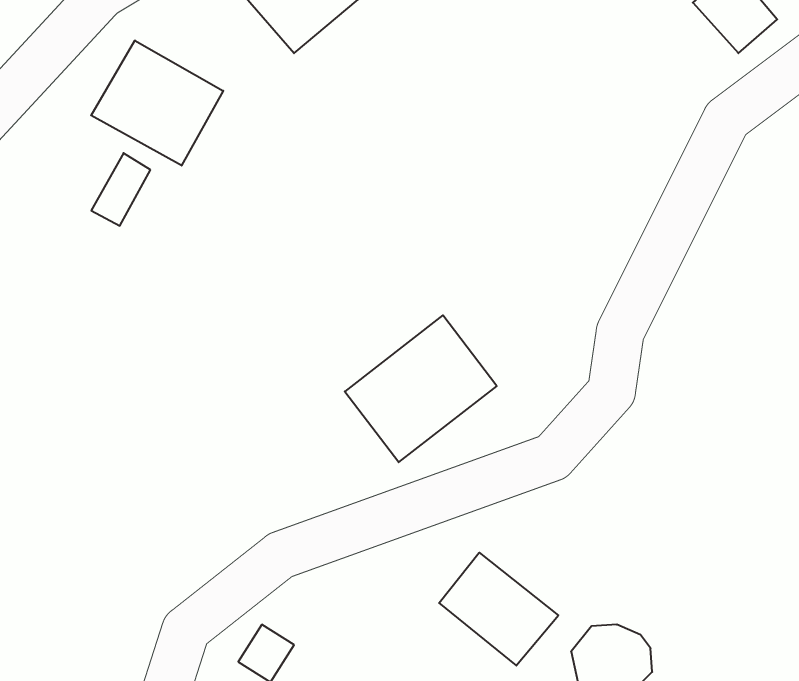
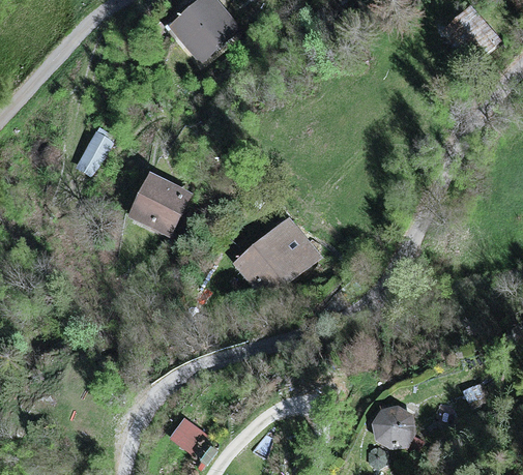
building: [91,40,223,166] -> none
building: none -> [128,173,192,235]
building: [439,553,558,666] -> none

